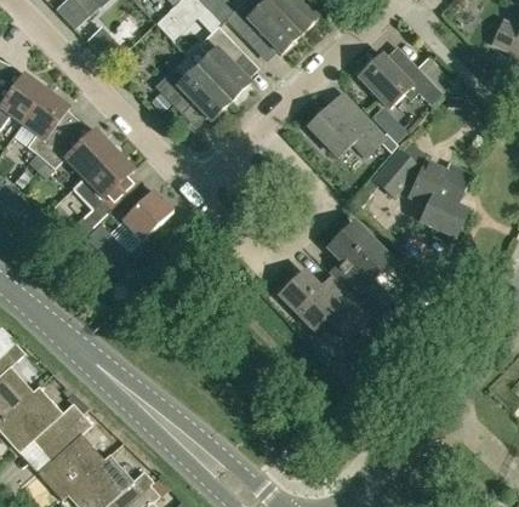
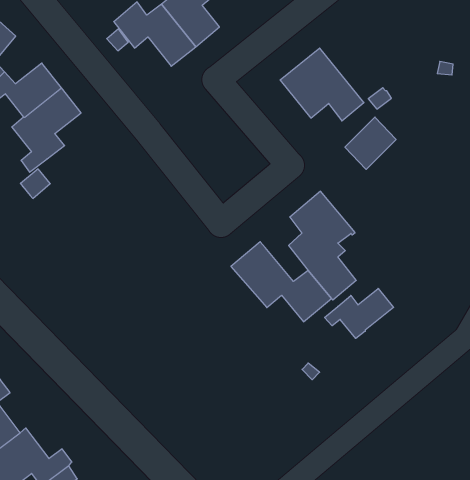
building: [359,53,443,107] -> none
building: [409,160,468,237] -> none
building: [107,190,173,241] -> none
building: none -> [325,288,394,338]

